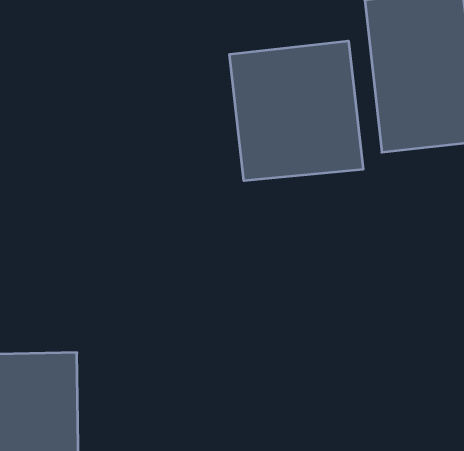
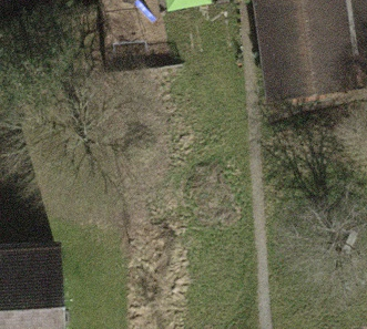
building: [230,41,363,181] -> none

